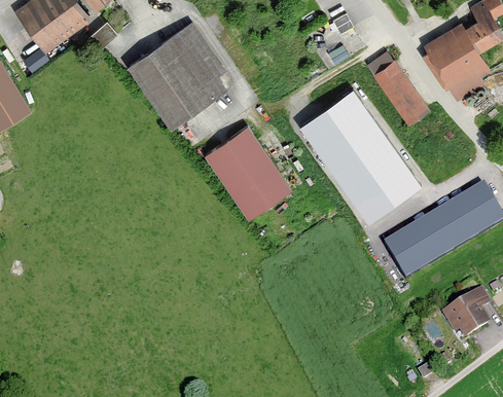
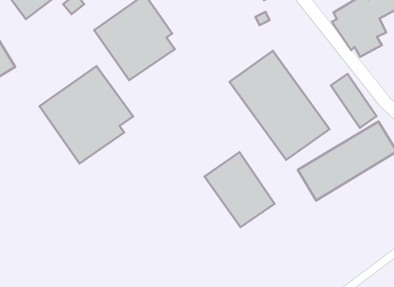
building: [373,61,430,128] -> [331,74,376,128]
building: none -> [40,66,133,164]
building: [206,127,292,219] -> [205,152,274,227]
building: [442,287,491,337] -> none

